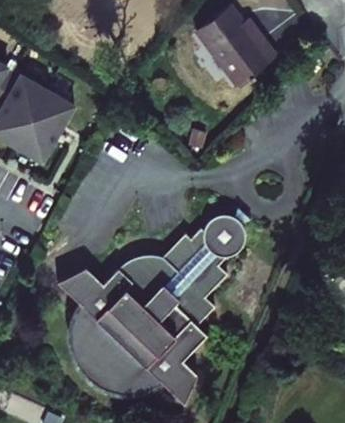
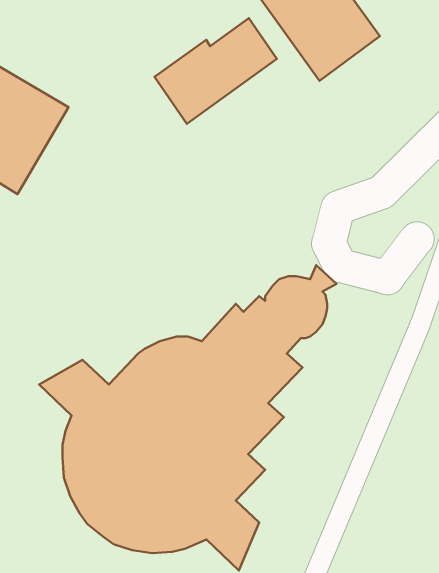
building: none -> [155,18,277,124]

